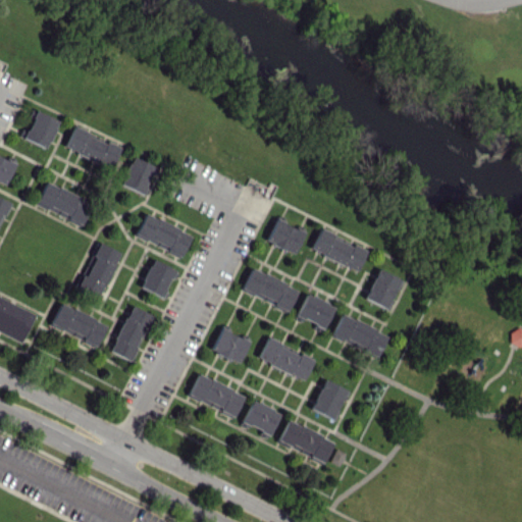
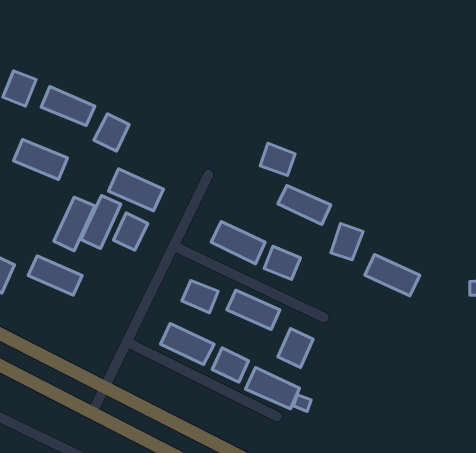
building: [269,220,306,254] -> [260,143,295,176]
building: [112,306,154,361] -> [81,195,121,248]
building: [333,314,390,357] -> [365,255,420,296]

